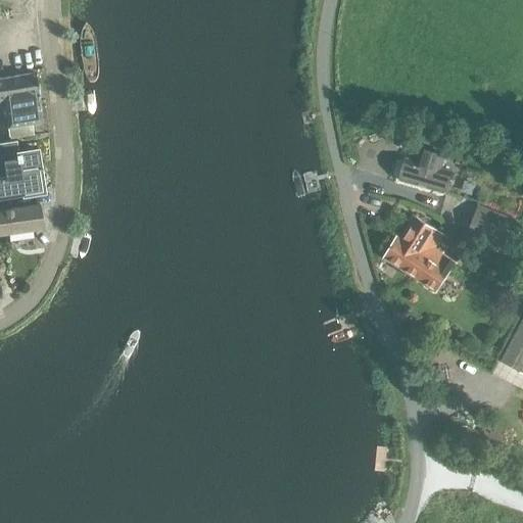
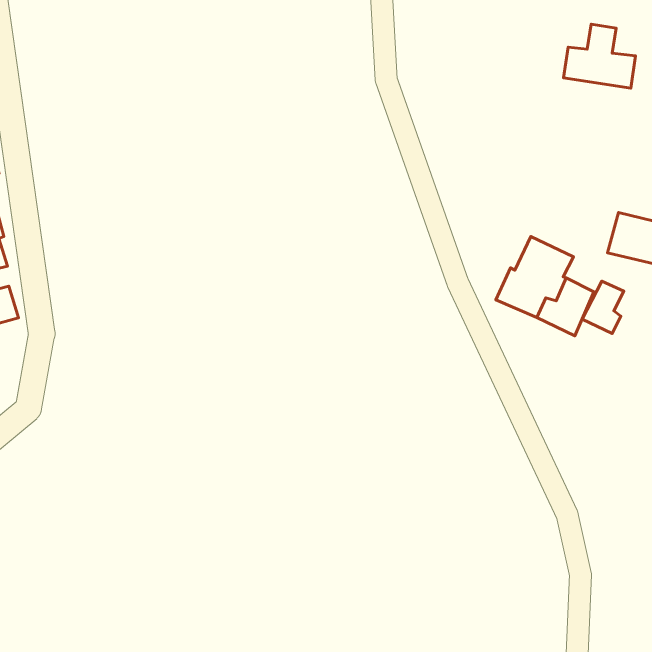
building: [399,144,453,193] -> [564,24,635,88]
building: none -> [582,281,624,333]

